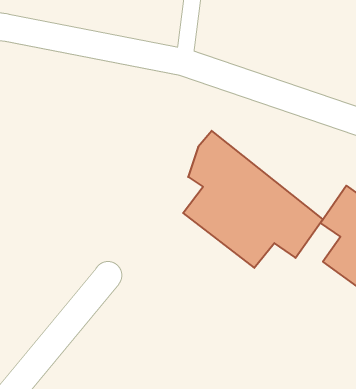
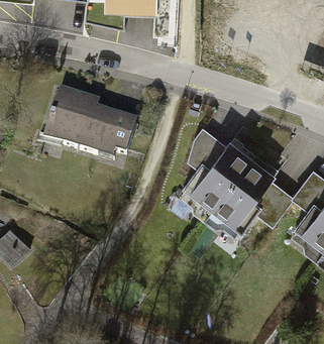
building: none -> [41,92,138,164]

